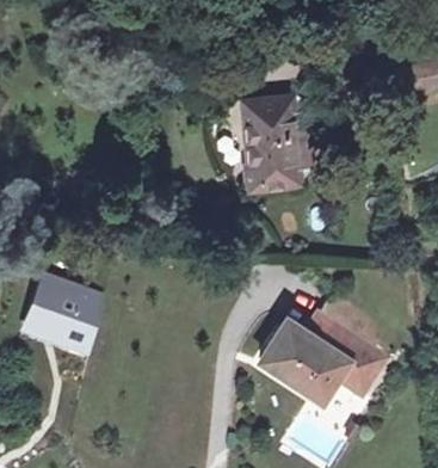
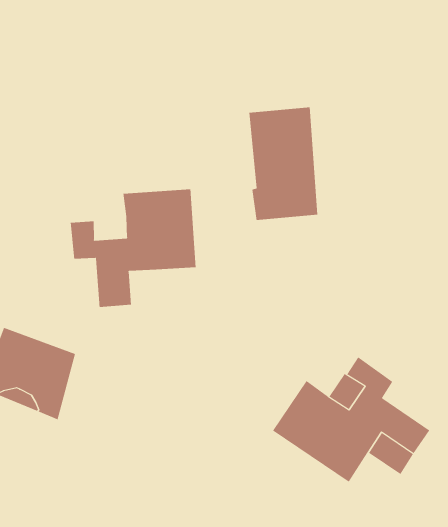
building: none -> [70,188,196,308]

